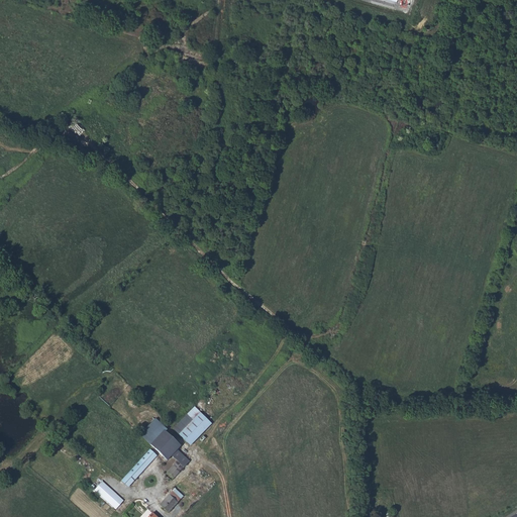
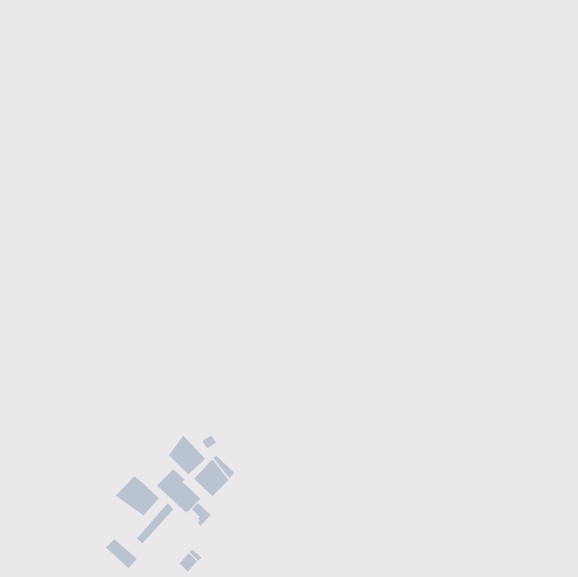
building: none -> [168,435,206,475]
building: none -> [115,475,160,517]

